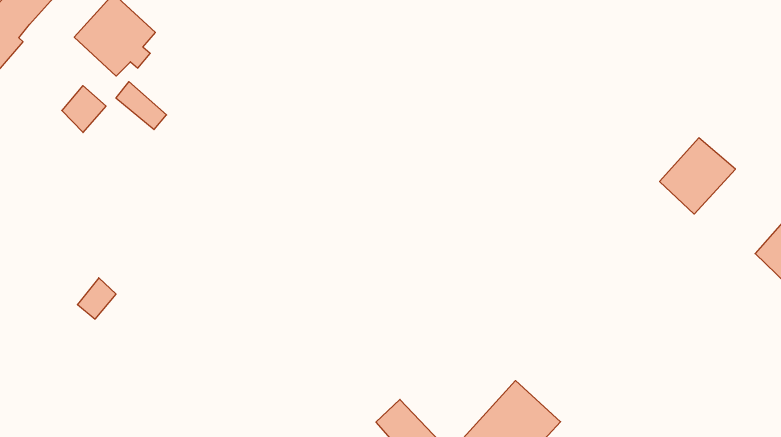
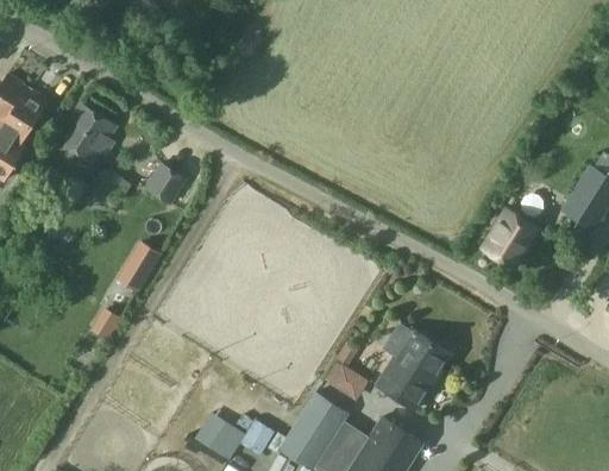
building: none -> [144,165,183,205]
building: [660,138,735,214] -> [484,213,536,268]
building: none -> [120,243,161,290]

